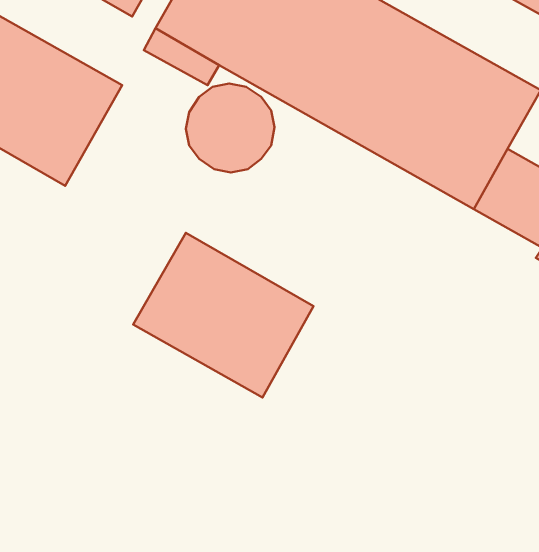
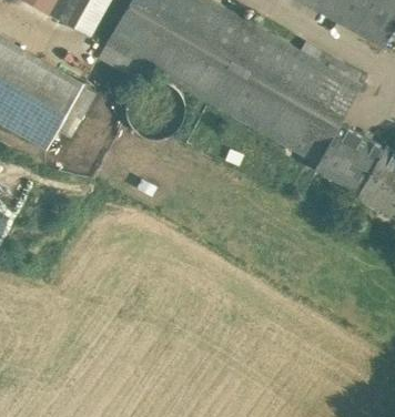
building: [133,233,314,397] -> none

